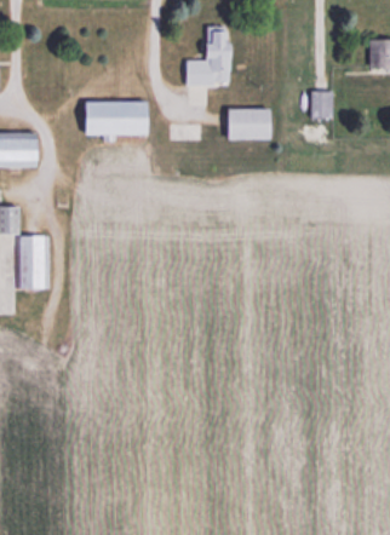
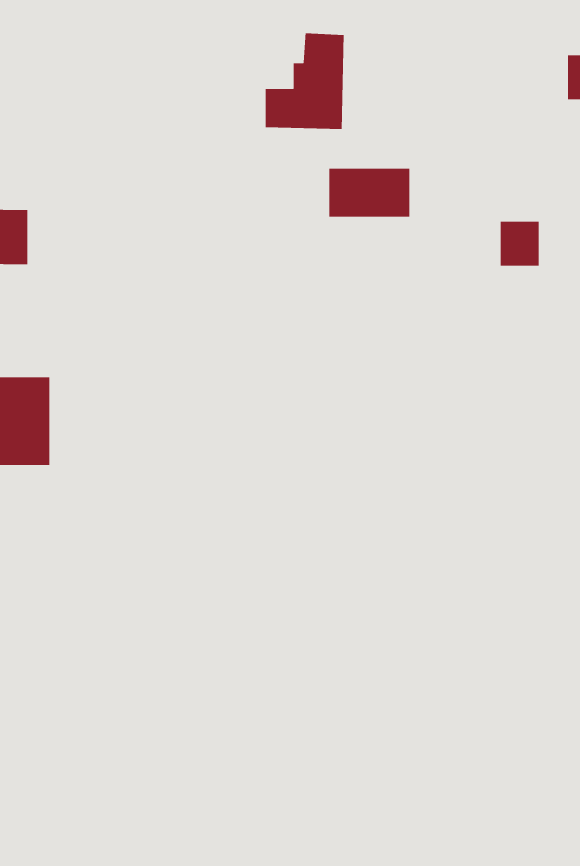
building: [311,91,335,119] -> [500,221,540,267]
building: [80,103,145,137] -> none

